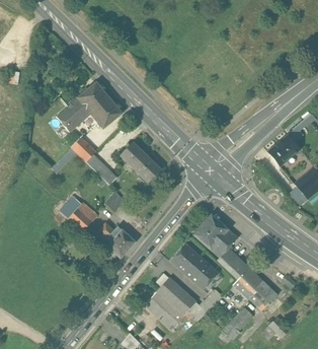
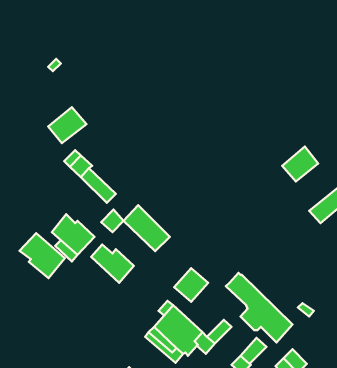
building: [78,82,122,128] -> none
building: [120,141,161,183] -> [124,205,170,251]
building: none -> [20,233,65,278]
building: [193,214,237,257] -> none
building: [185,257,218,289] -> none

